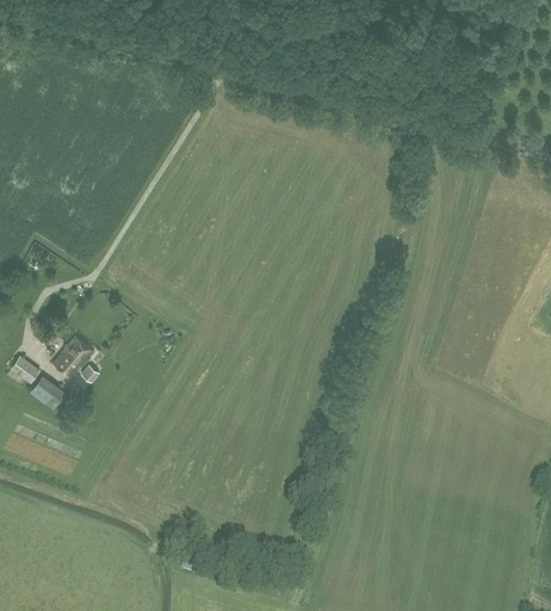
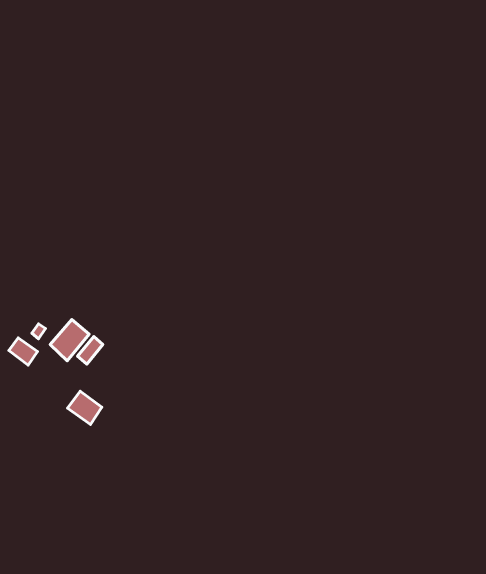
building: [30,375,66,409] -> [67,391,102,424]

